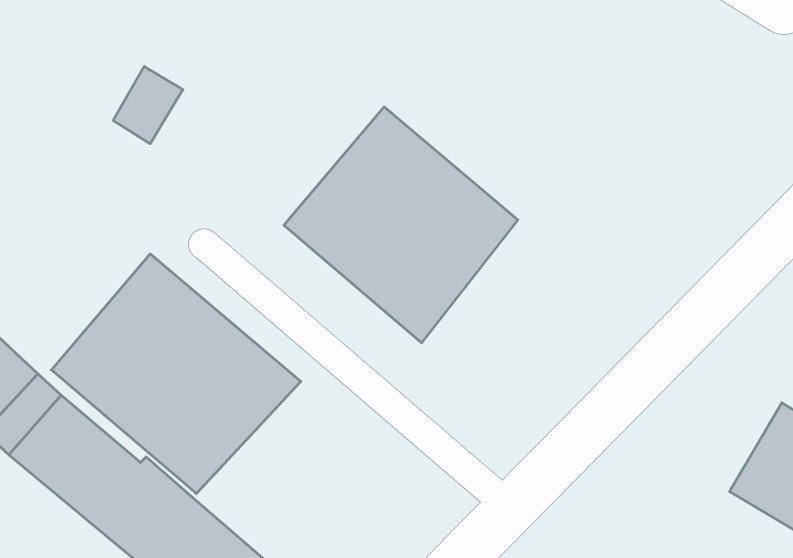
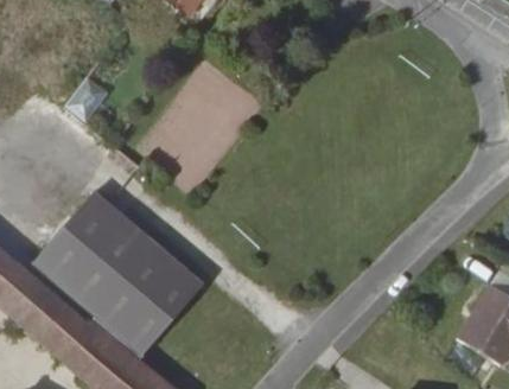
building: [284,107,518,343] -> none
building: none -> [122,270,203,356]

